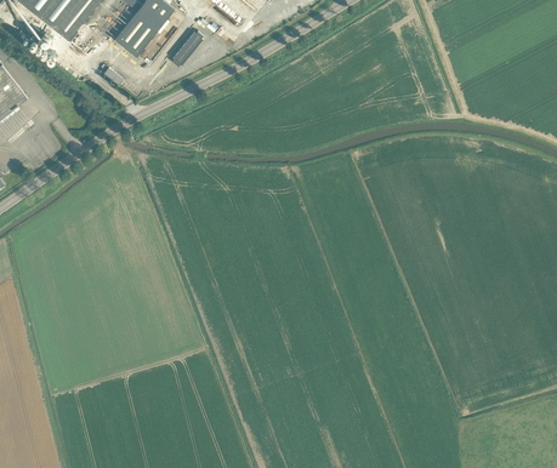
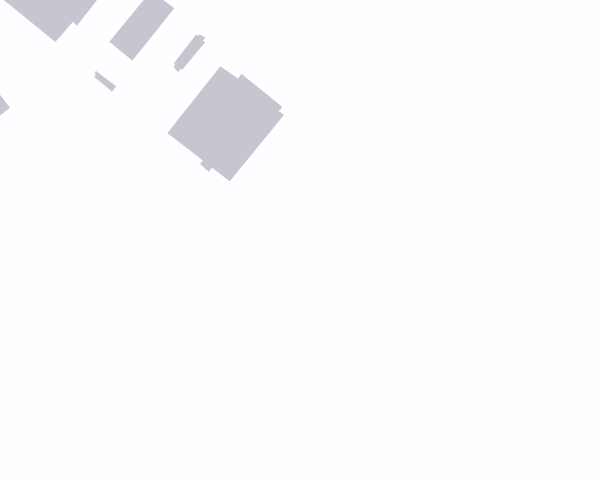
building: none -> [166,65,285,182]

